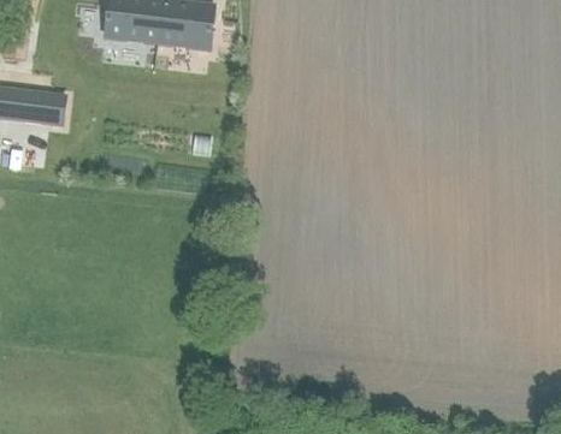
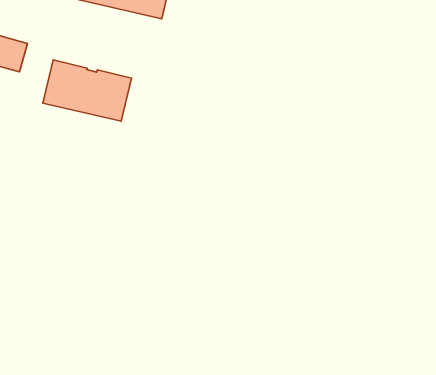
building: none -> [43,60,131,121]

